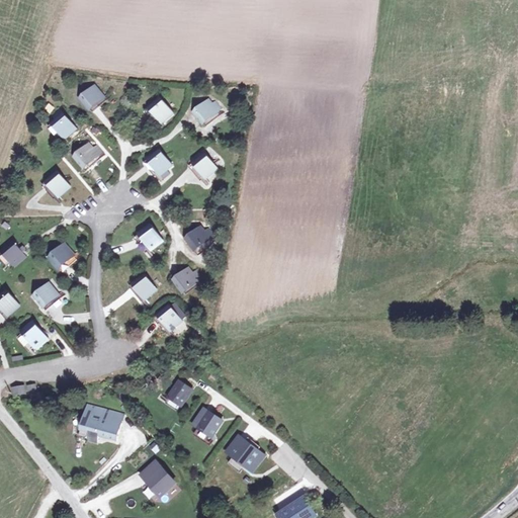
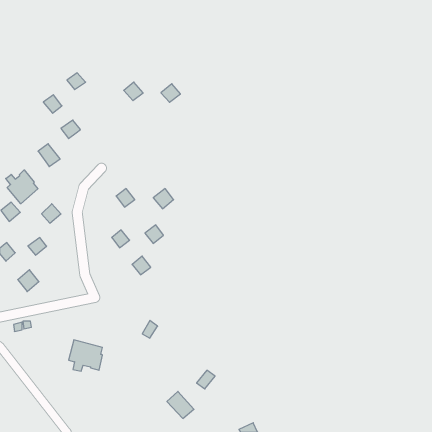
building: [147,150,174,177] -> none
building: [192,154,220,182] -> none
building: none -> [6,170,38,204]
building: [191,409,219,435] -> none
building: [143,463,175,496] -> [167,391,194,418]

